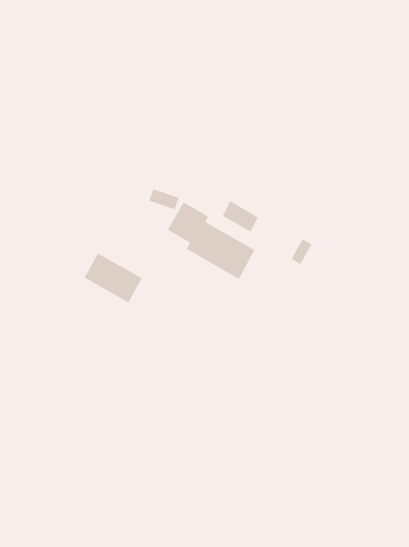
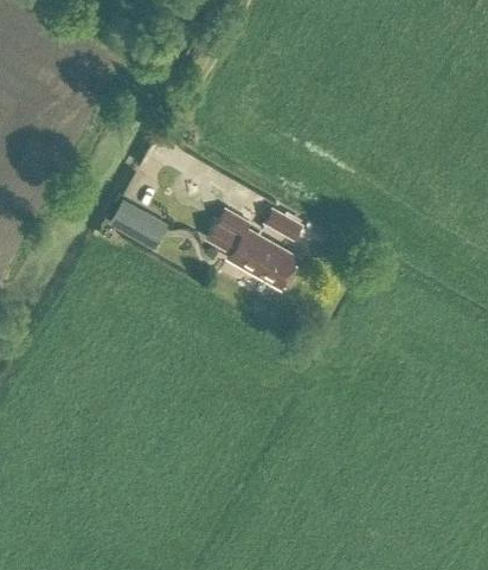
building: [83,252,143,304] -> [109,199,169,251]

